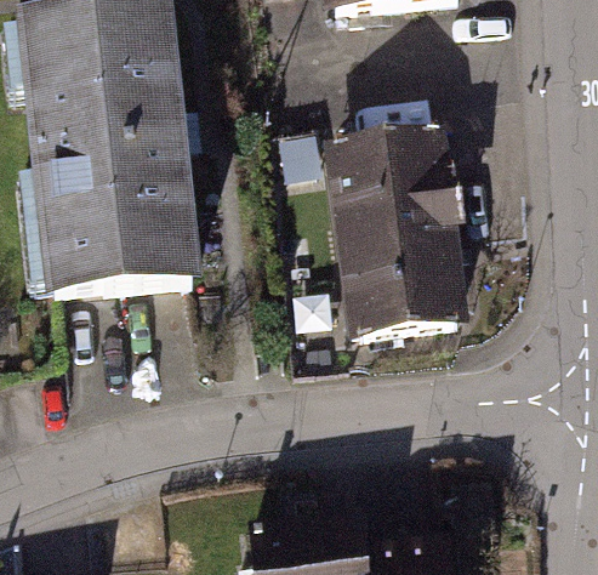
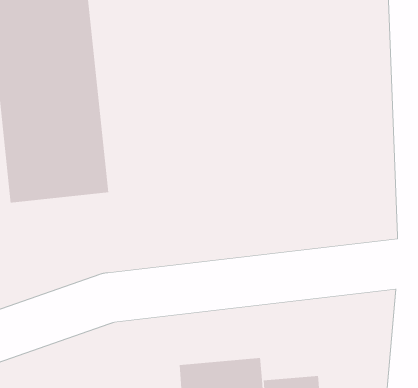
building: [337,129,466,325] -> none

